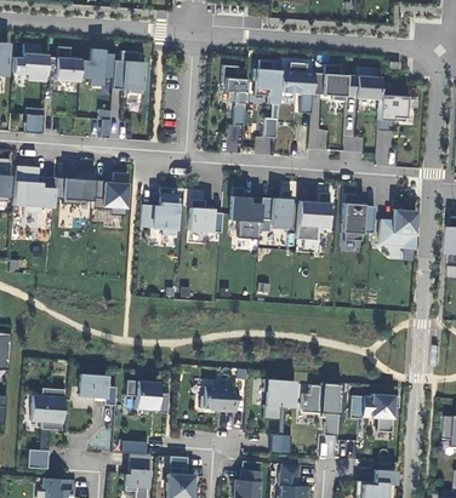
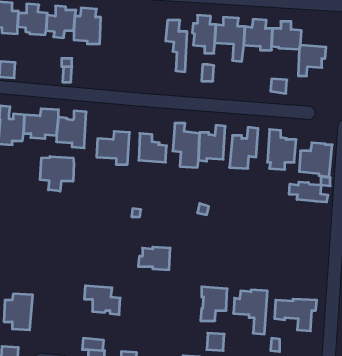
building: none -> [40,156,74,191]
building: none -> [289,182,328,202]
building: [79,373,115,405] -> none
building: [199,385,236,412] -> [138,247,170,270]

